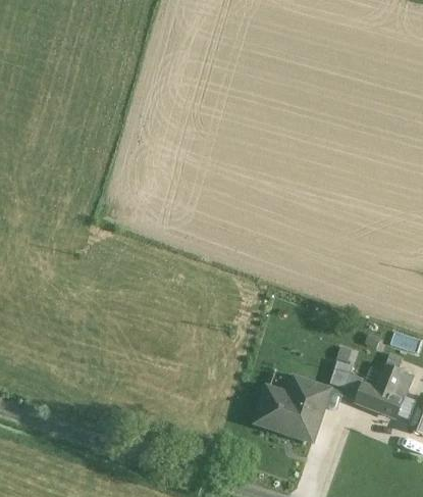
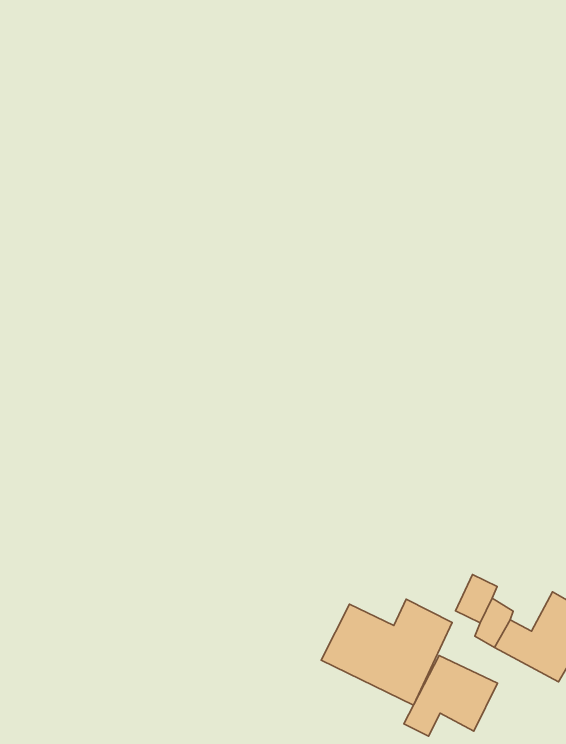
building: none -> [404,655,498,736]

